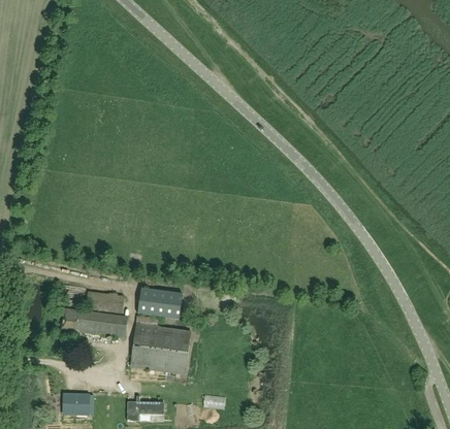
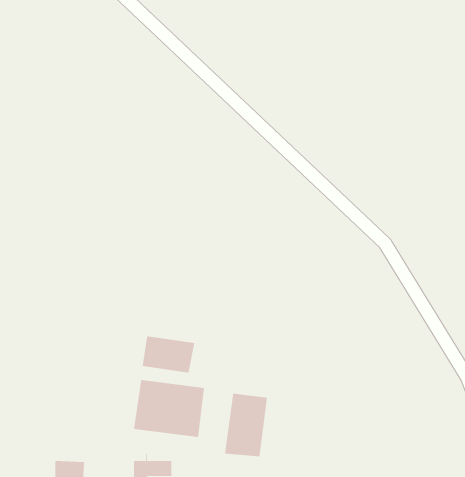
building: [62,291,128,336] -> none
building: none -> [225,393,268,457]

